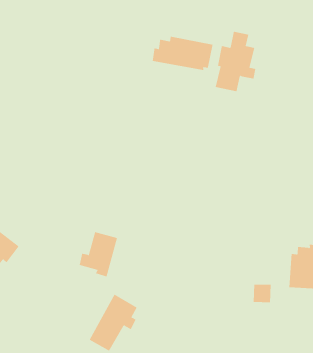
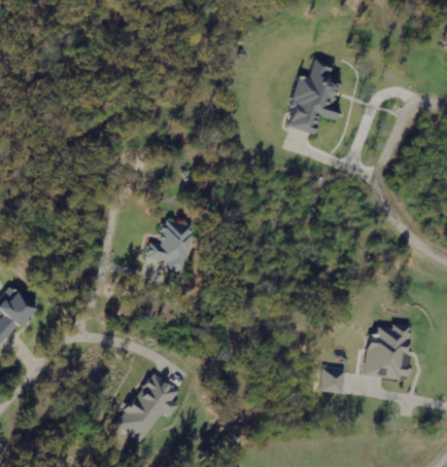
building: [152,36,213,71] -> none
building: [79,231,118,277] -> [145,216,195,273]

